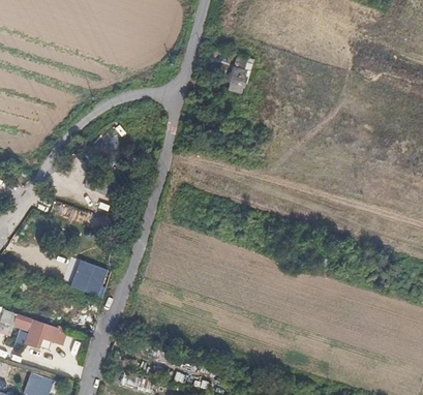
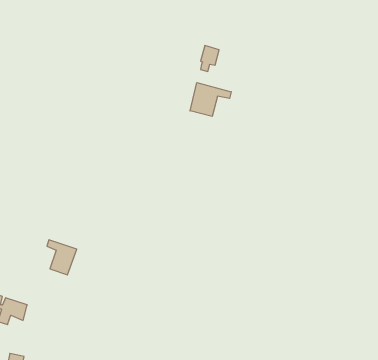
building: none -> [190,83,231,116]

